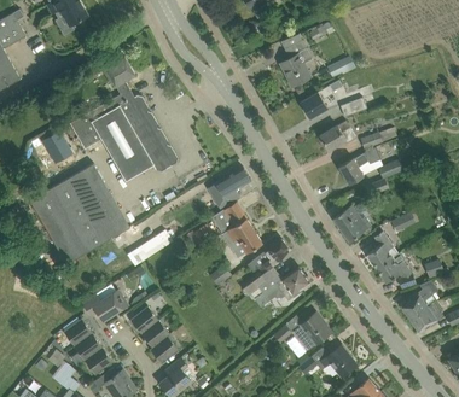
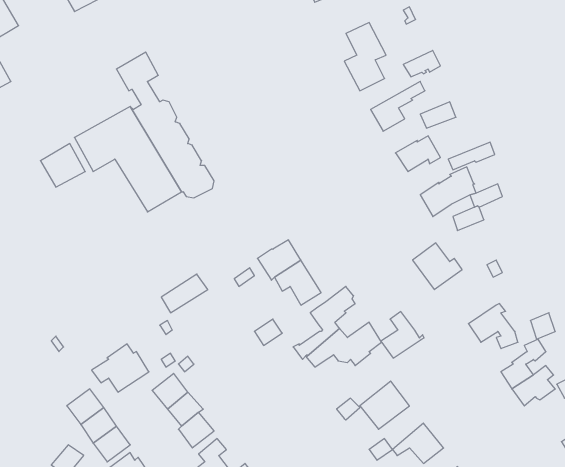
building: [29,163,129,264] -> none
building: [207,167,250,210] -> none
building: [366,232,400,268] -> [381,312,424,358]

